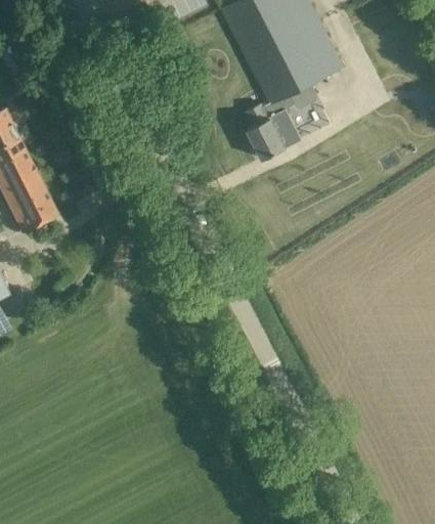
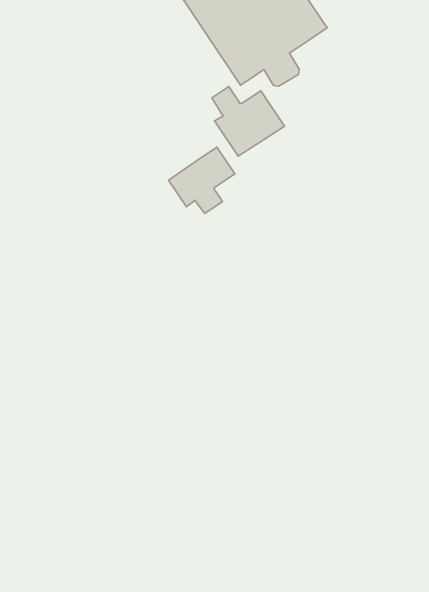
building: none -> [169,147,235,214]

